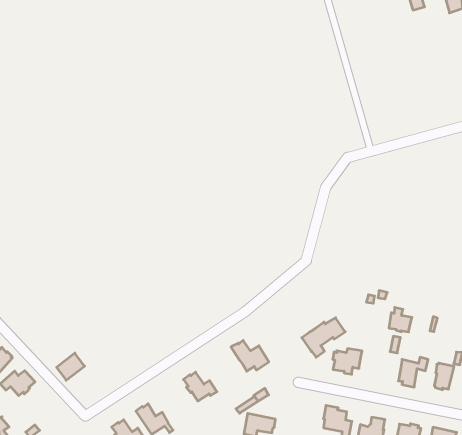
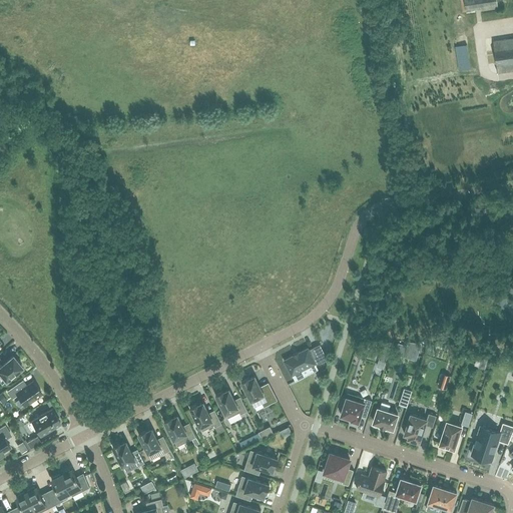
building: [389,307,412,332] -> [373,404,397,430]
building: [302,318,345,357] -> [284,346,328,383]
building: [57,353,85,380] -> [31,411,59,437]
building: none -> [215,391,246,420]
building: none -> [163,417,195,448]

